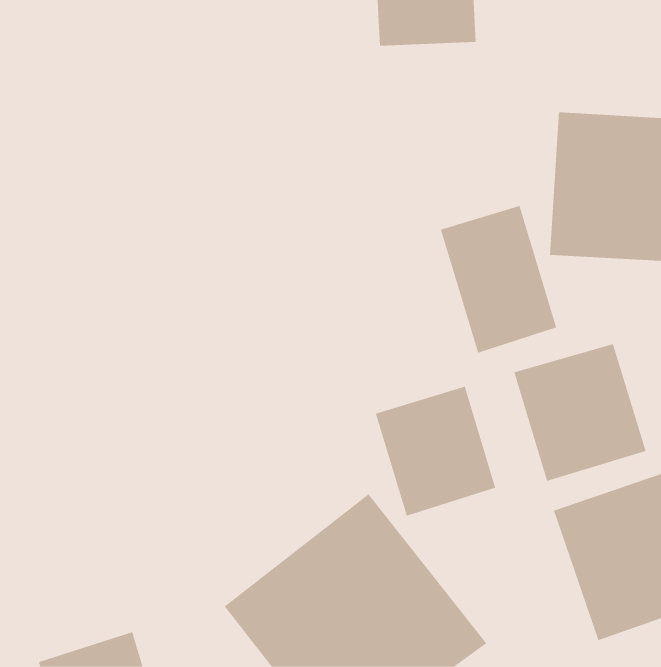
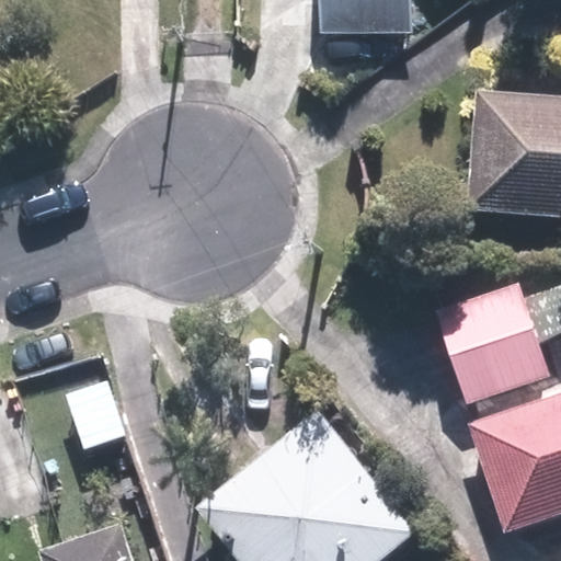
building: [440,205,557,353] -> none
building: [375,386,496,516] -> none

